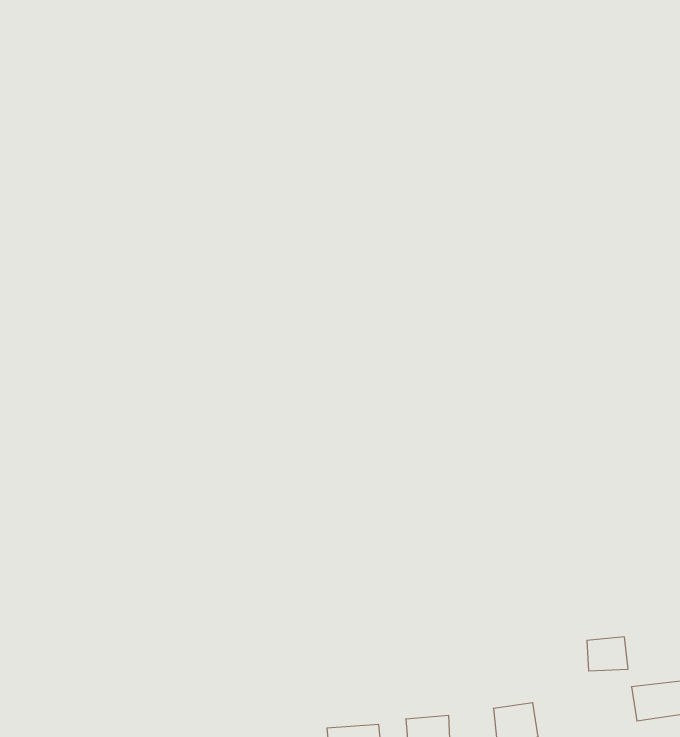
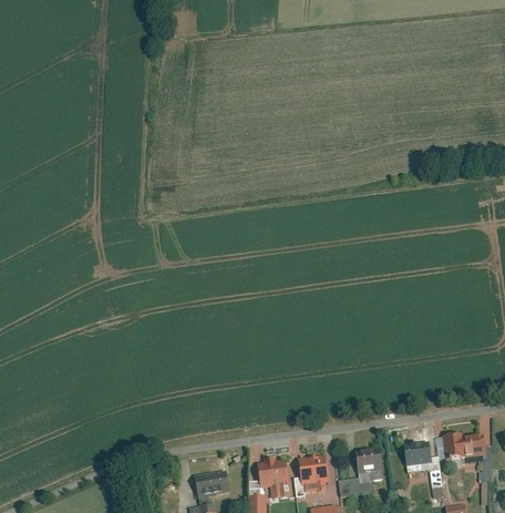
building: [587,637,628,671] -> [406,443,432,464]

